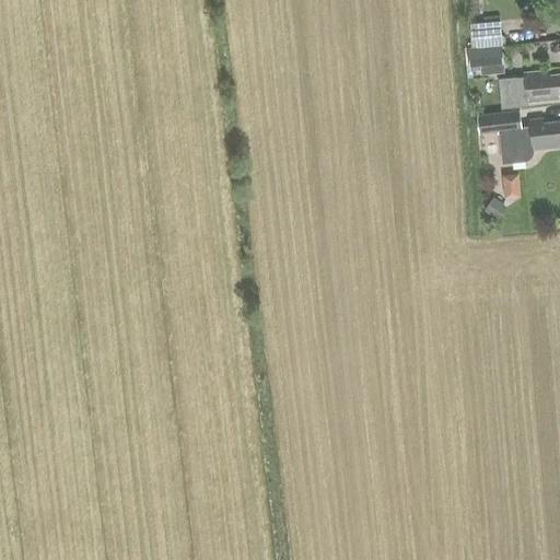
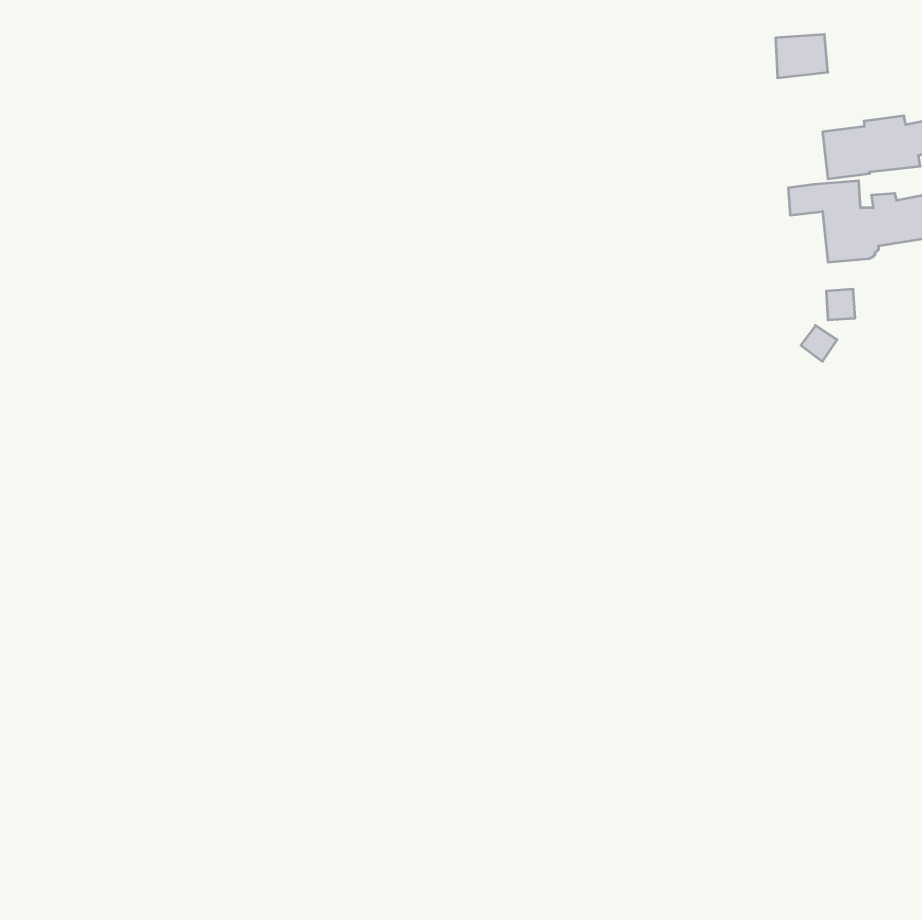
building: [468,46,503,67] -> none

